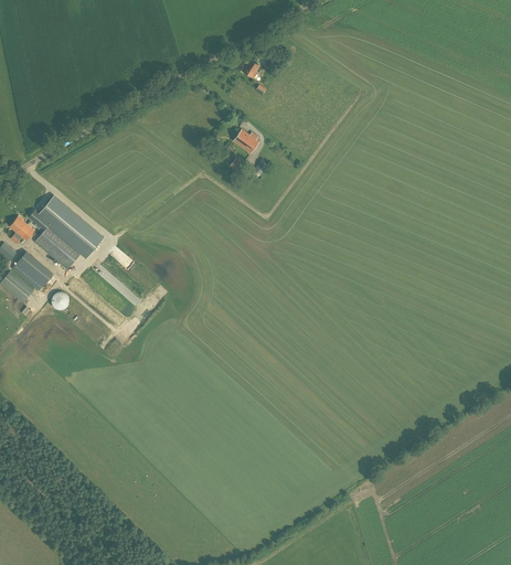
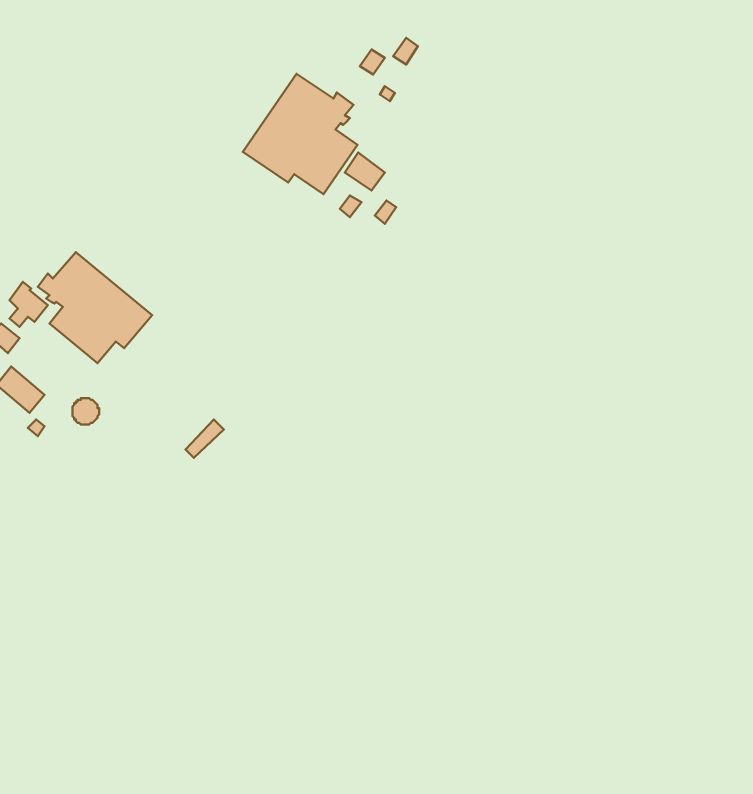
building: none -> [243,74,357,194]
building: [12,252,53,290] -> none

